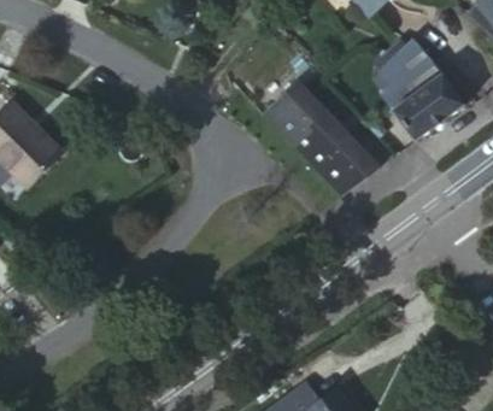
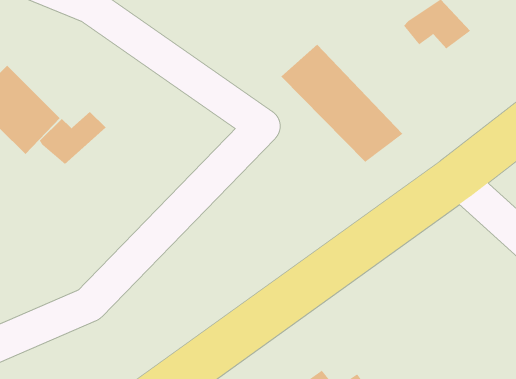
building: [381,71,463,136] -> none
building: none -> [39,111,106,165]

